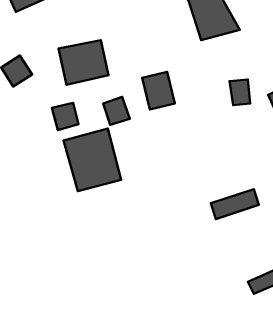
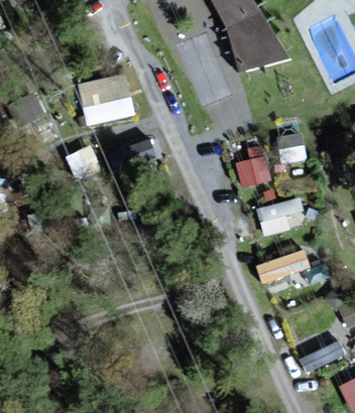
building: [142,72,175,110] -> [232,144,270,188]
building: [63,129,121,191] -> none
building: none -> [256,197,306,234]

